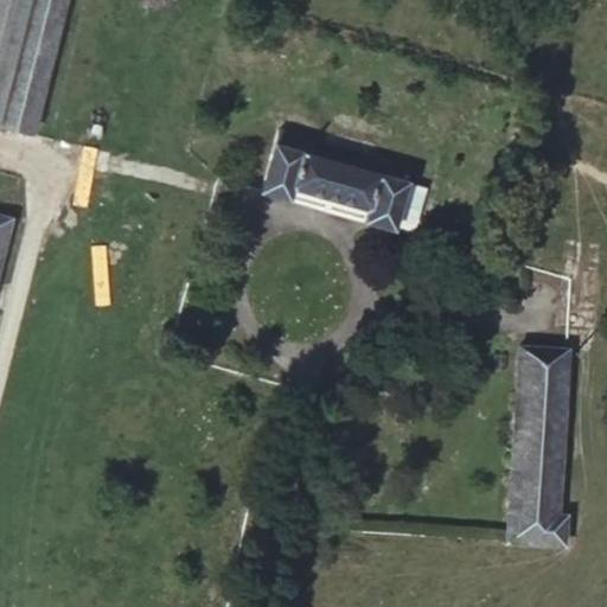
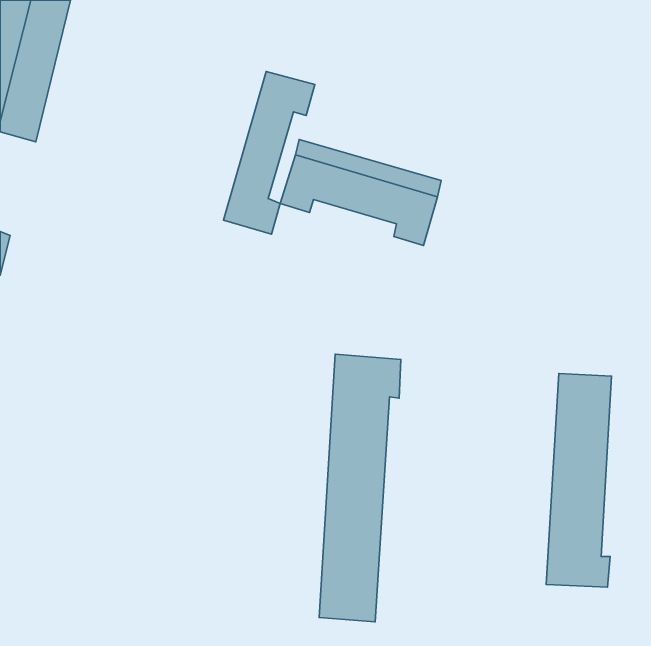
building: none -> [223,71,315,234]
building: none -> [319,354,401,622]

